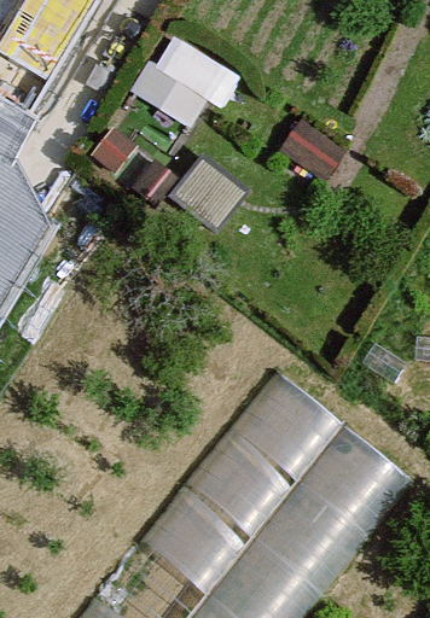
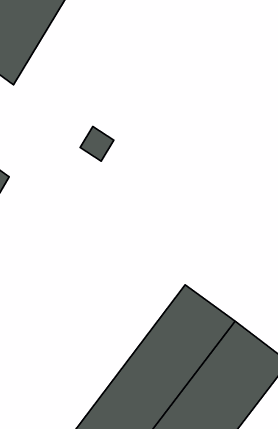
building: [147,40,245,135] -> none

